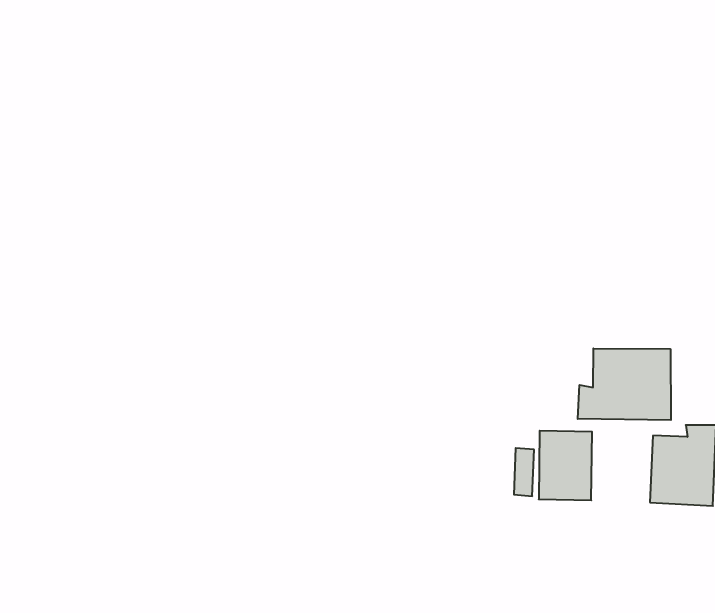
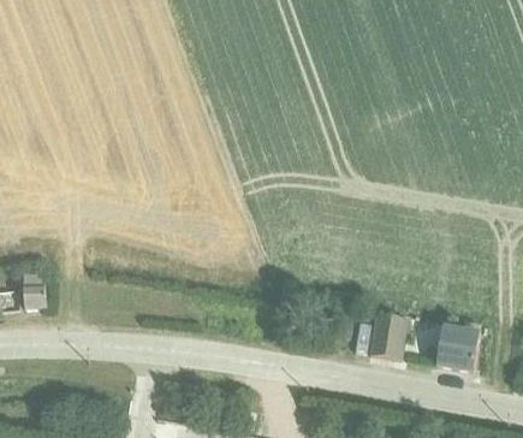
building: [578,348,671,420] -> none

